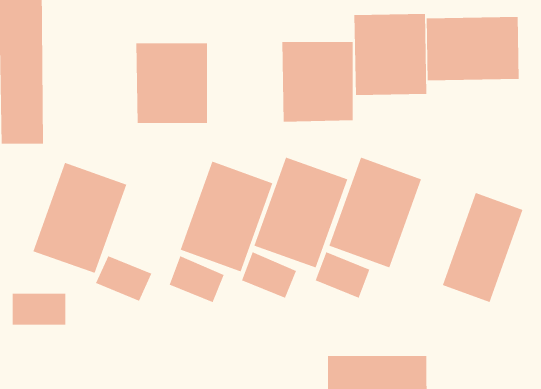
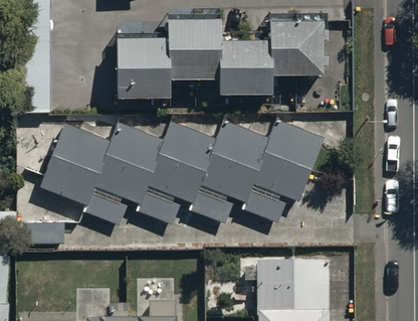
building: none -> [169,18,222,76]
building: [426,16,519,81] -> none
building: none -> [95,123,164,202]
building: [442,192,523,303] -> none

